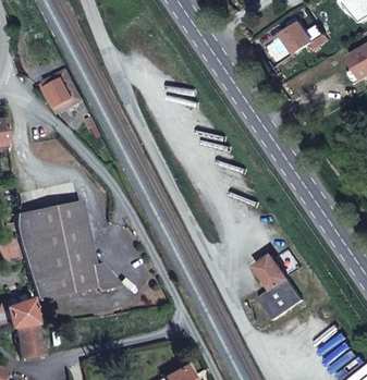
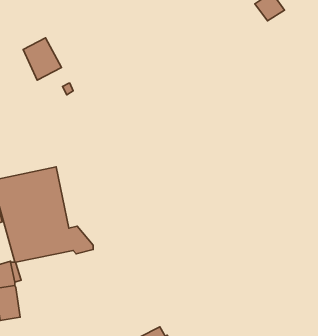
building: [258,254,304,319] -> none

